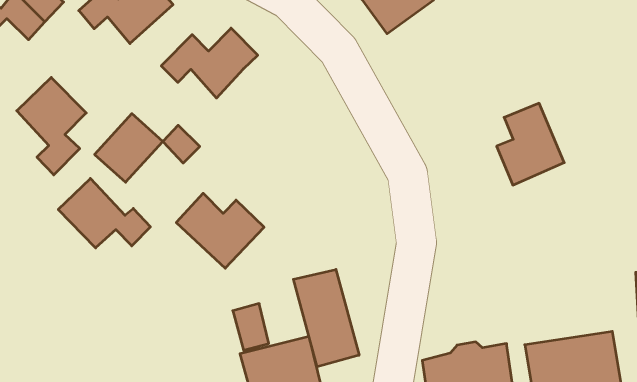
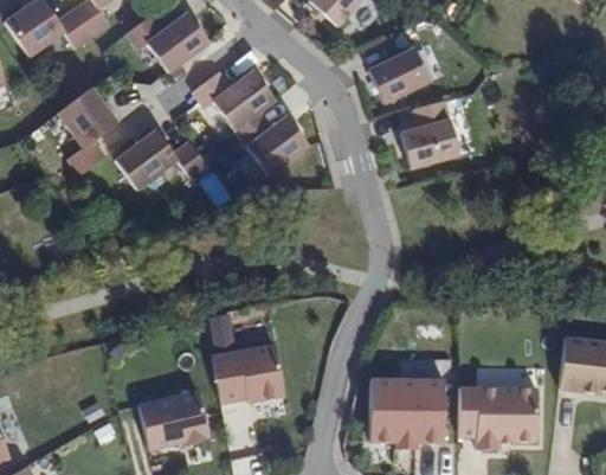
building: [497,103,564,185] -> [404,98,459,165]
building: [58,178,150,248] -> none
building: [176,193,264,268] -> [231,109,305,176]
building: [293,269,359,367] -> none

